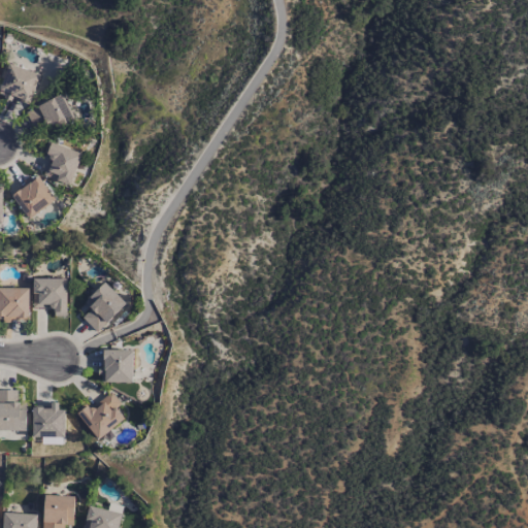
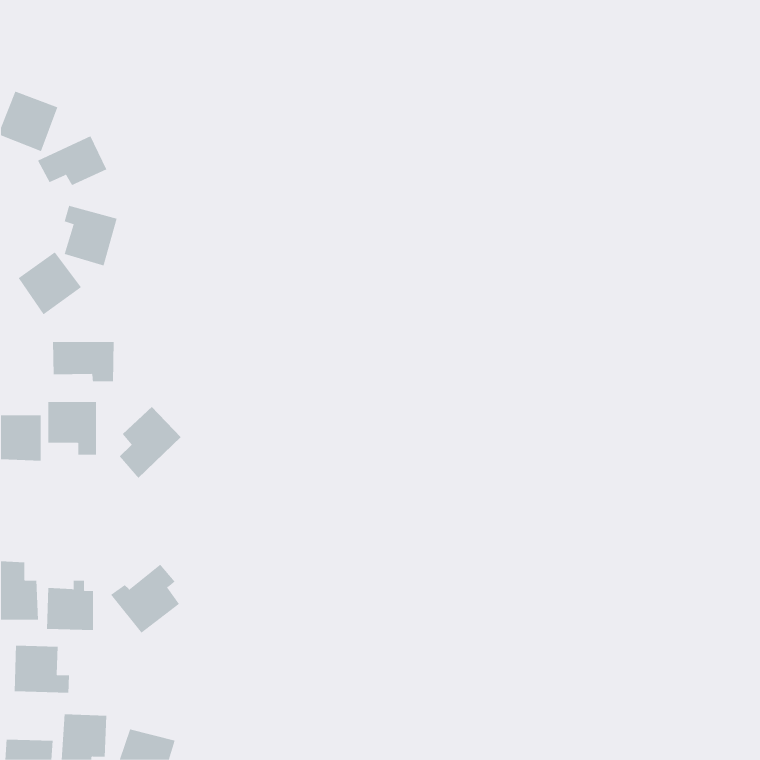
building: none -> [52,341,114,382]
building: [101,350,133,383] -> none
building: none -> [14,645,69,693]

